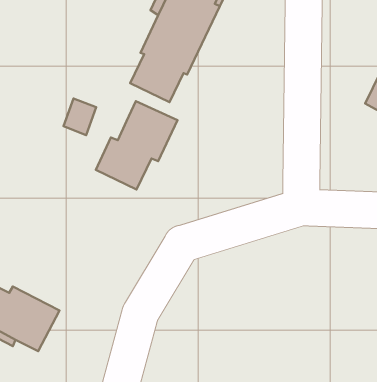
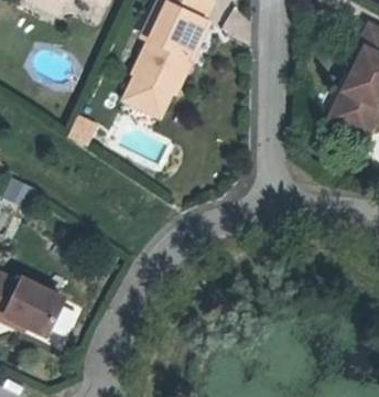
building: [96,101,178,189] -> none

